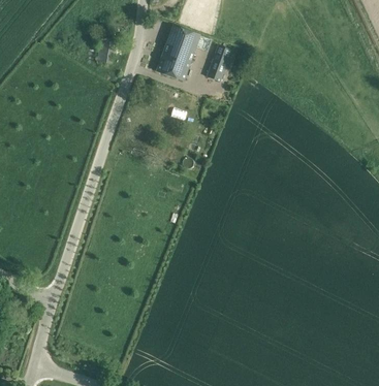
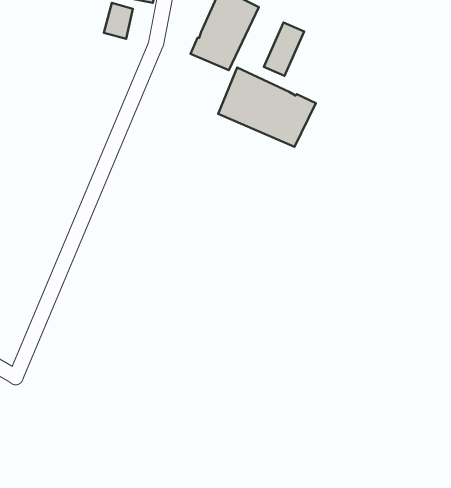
building: none -> [218,67,316,147]

